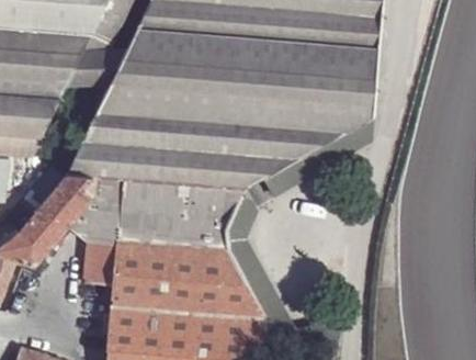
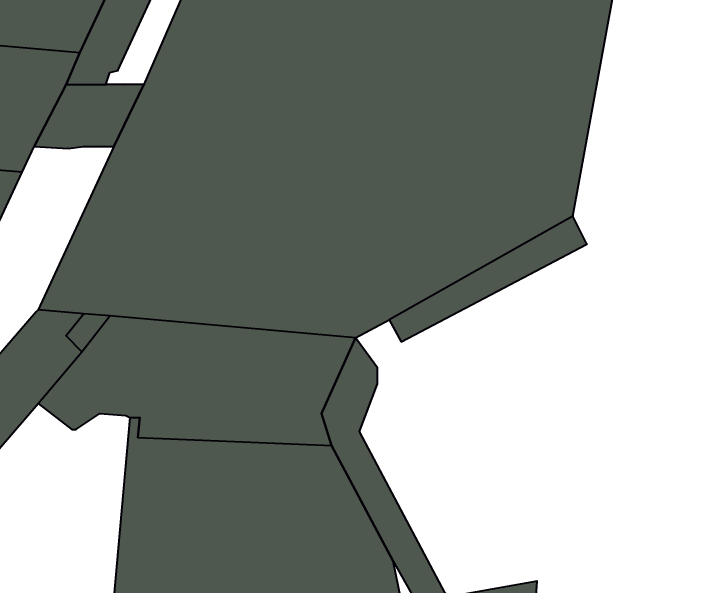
building: [83,229,116,286] -> none

